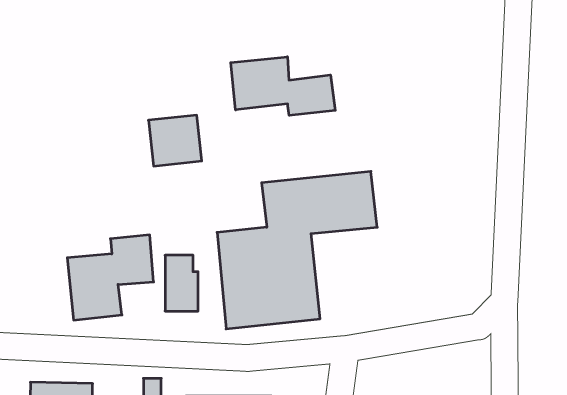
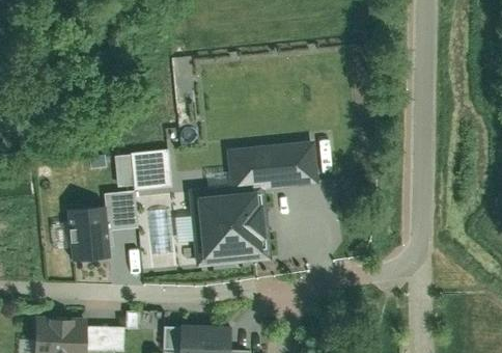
building: [231,57,335,115] -> none
building: [148,115,202,166] -> [130,153,173,194]

